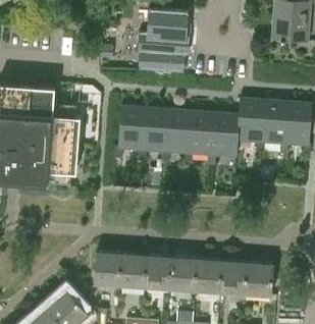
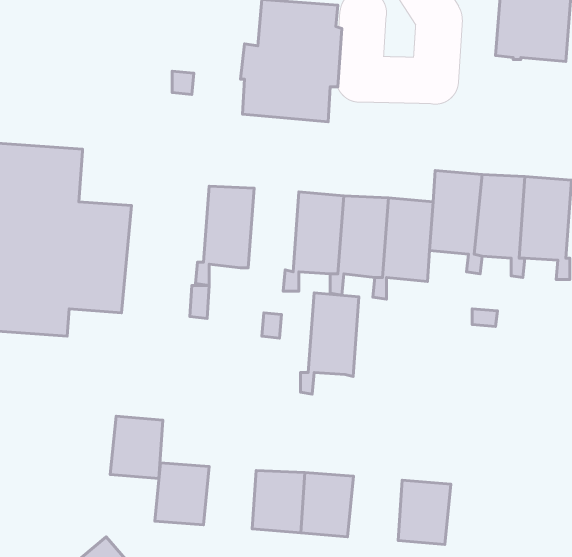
building: [138,108,168,161] -> [300,293,359,394]
building: [118,254,146,286] -> [110,416,163,478]
building: [194,259,222,292] -> none
building: [245,263,273,296] -> none

